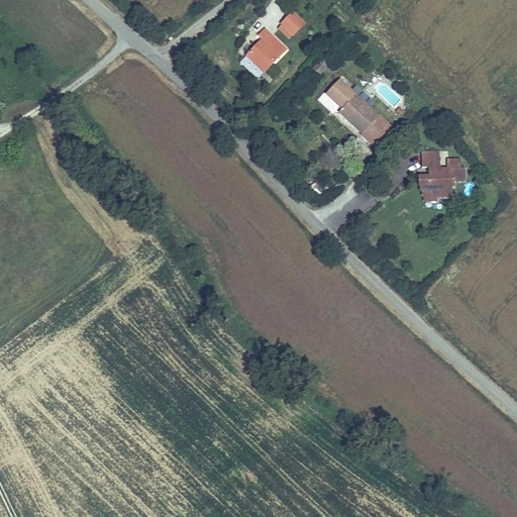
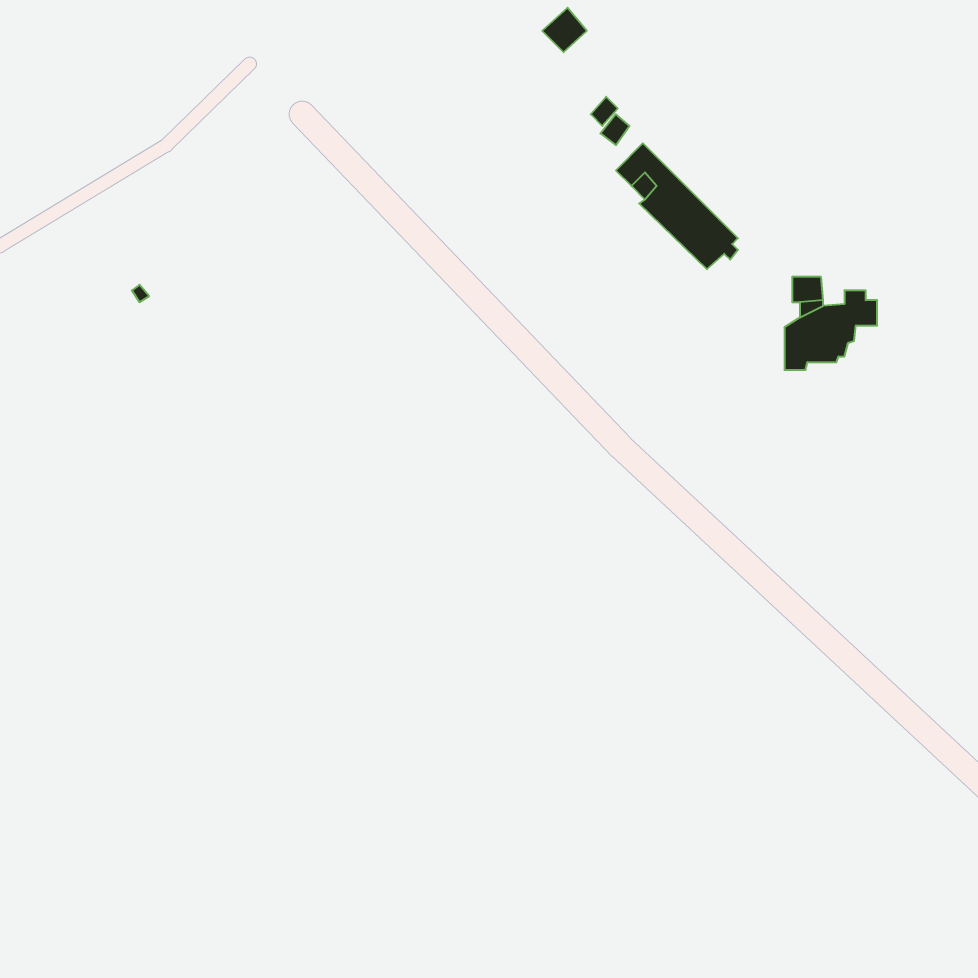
building: [249,28,288,69] -> none

